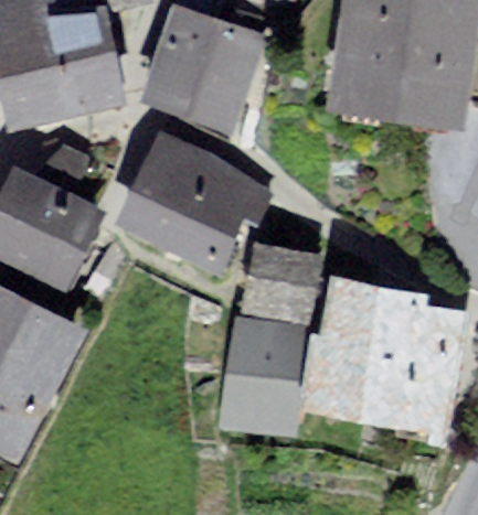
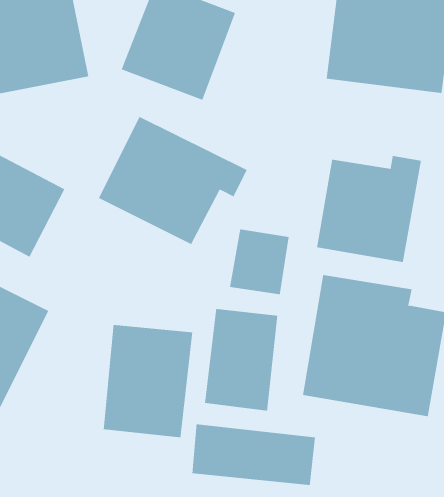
building: none -> [317,155,421,263]
building: none -> [103,324,193,438]
building: none -> [192,424,316,486]

